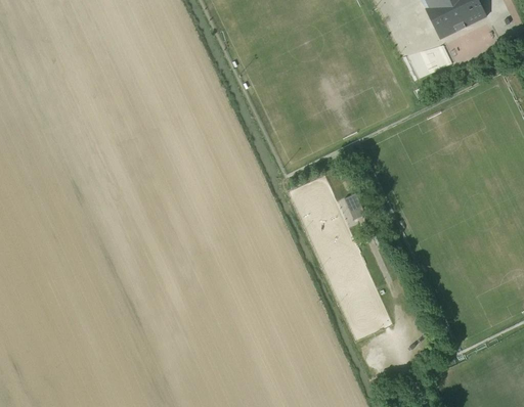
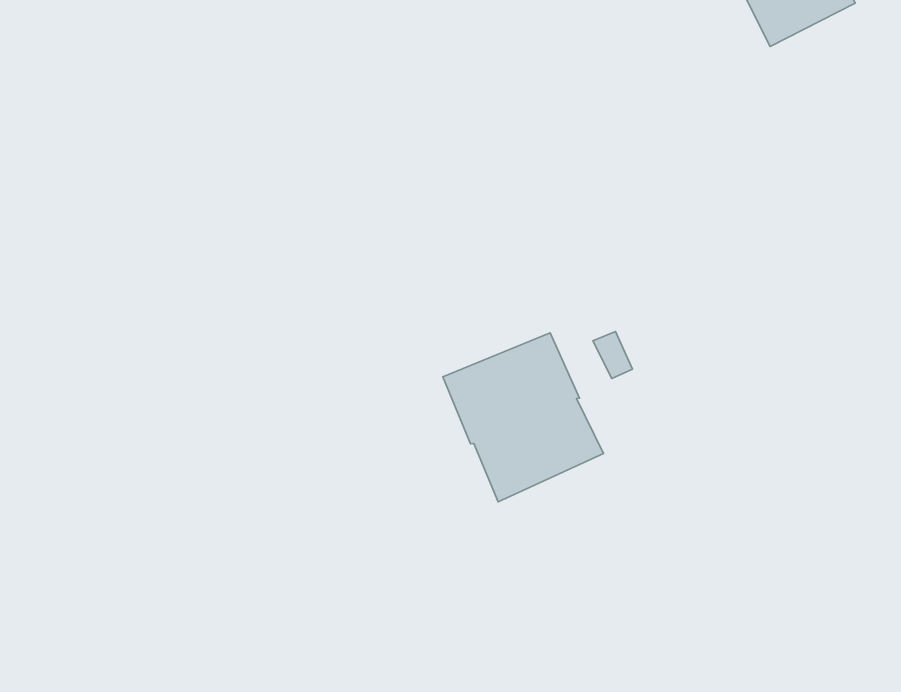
building: none -> [443,333,604,502]

